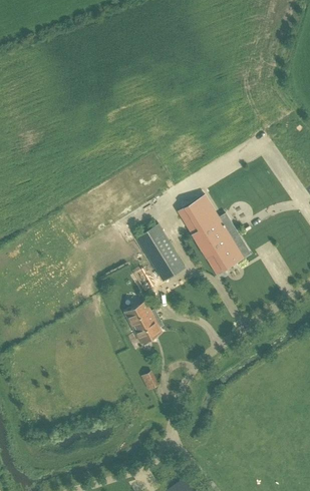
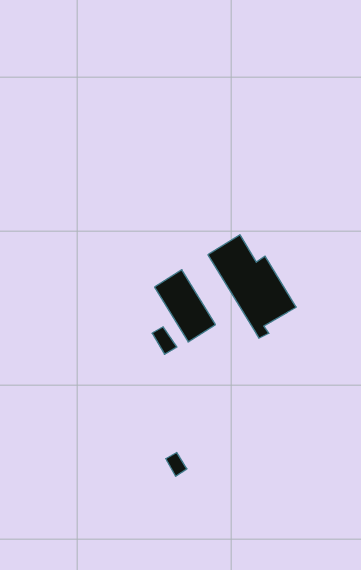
building: [123,302,162,344] -> none

